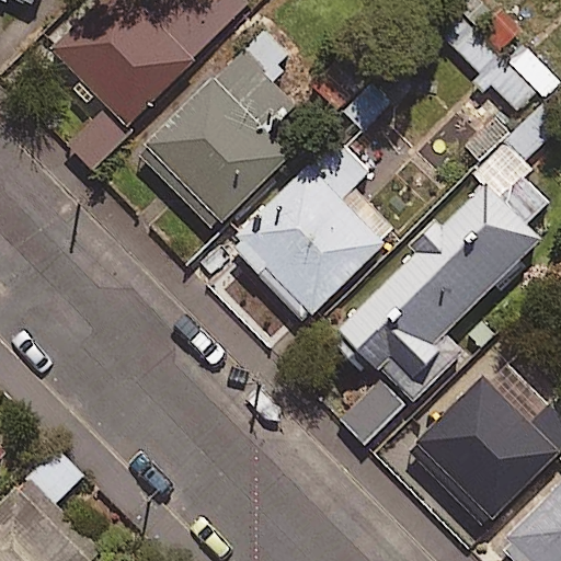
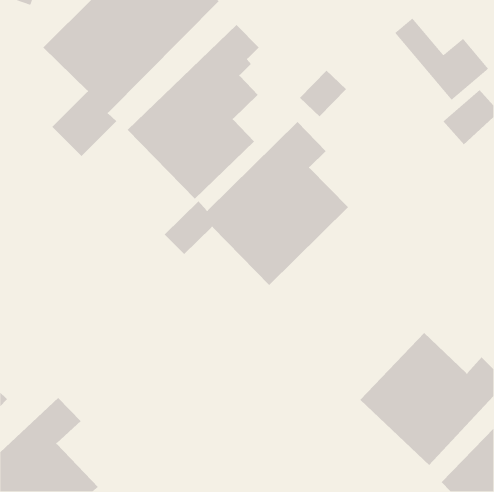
building: [329,154,549,445] -> none

